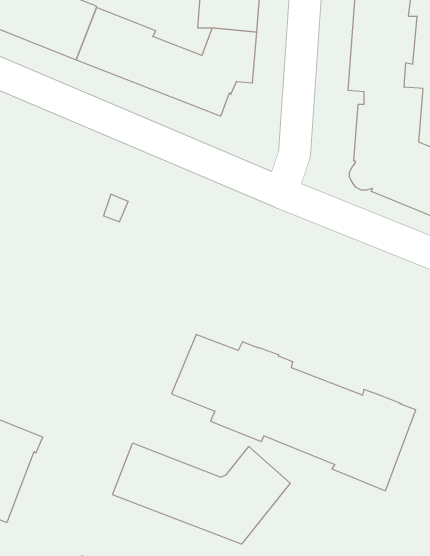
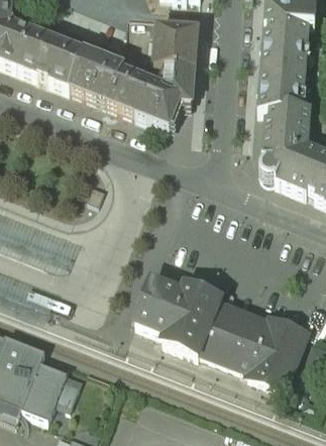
building: [113,443,290,544] -> none
building: none -> [21,358,81,416]

